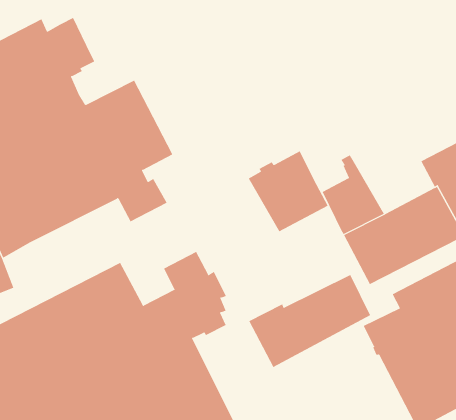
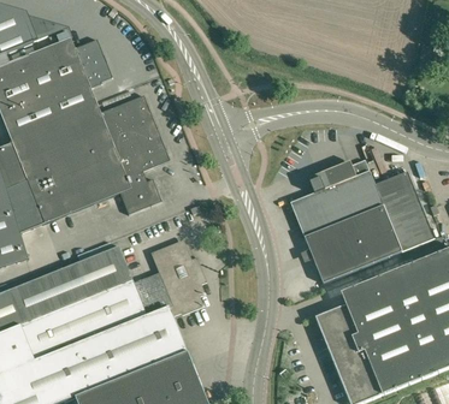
building: [248,150,329,232] -> [319,159,384,225]
building: [248,274,371,368] -> none

